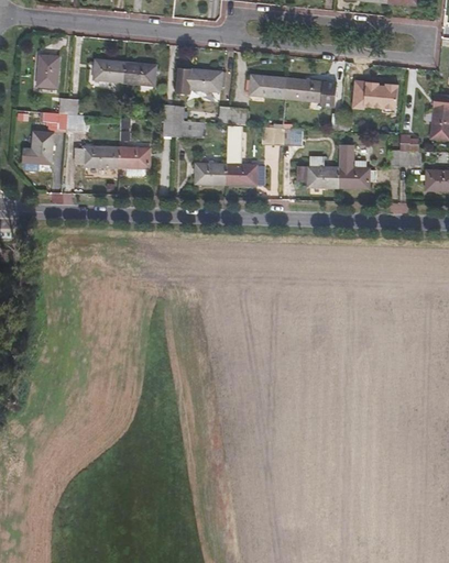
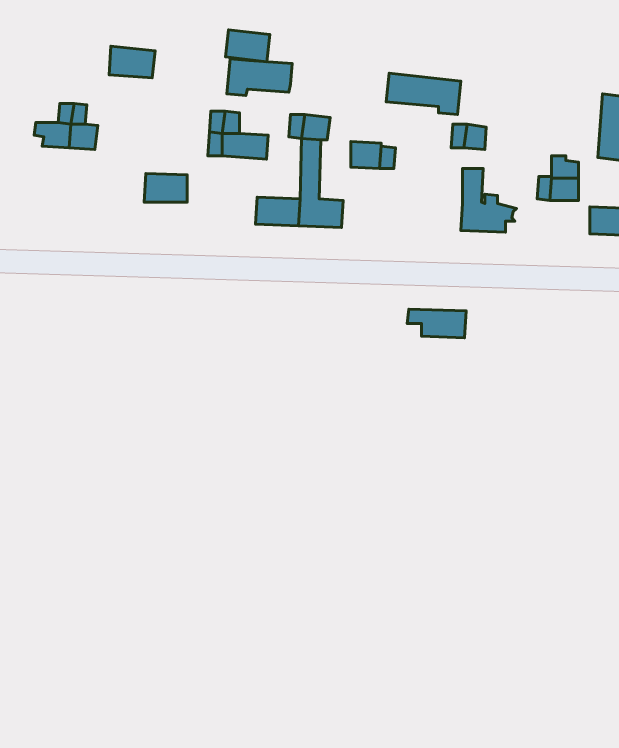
building: [39,55,58,86] -> none
building: [124,63,155,85] -> [225,30,270,62]
building: [250,75,288,98] -> none
building: [355,86,392,108] -> none
building: [24,133,53,167] -> none
building: [75,146,120,167] -> none
building: [298,167,339,187] -> [407,309,466,338]

